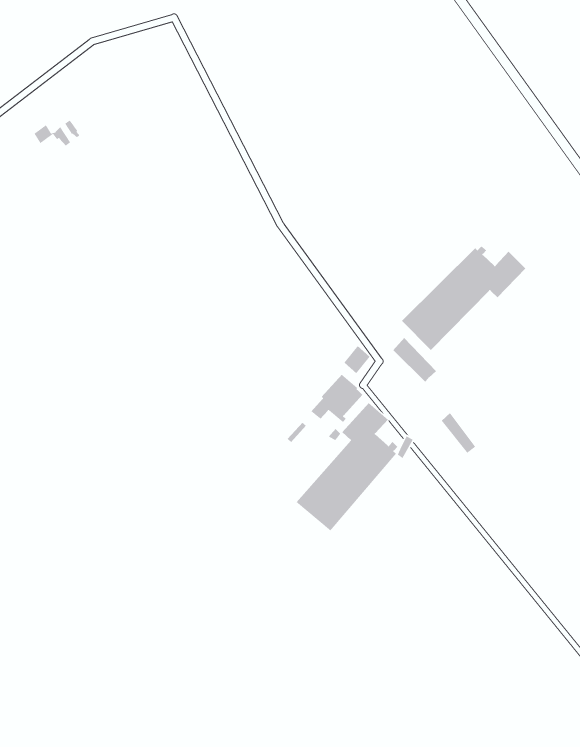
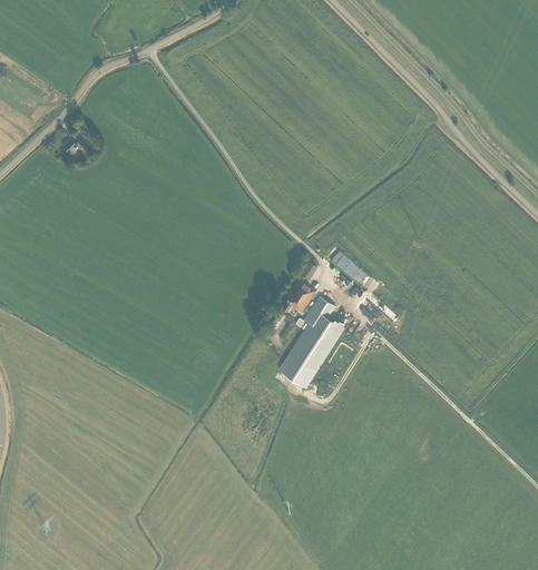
building: [401,245,526,351] -> none

